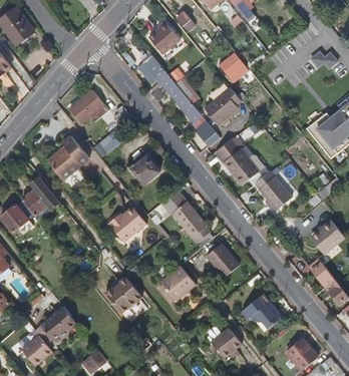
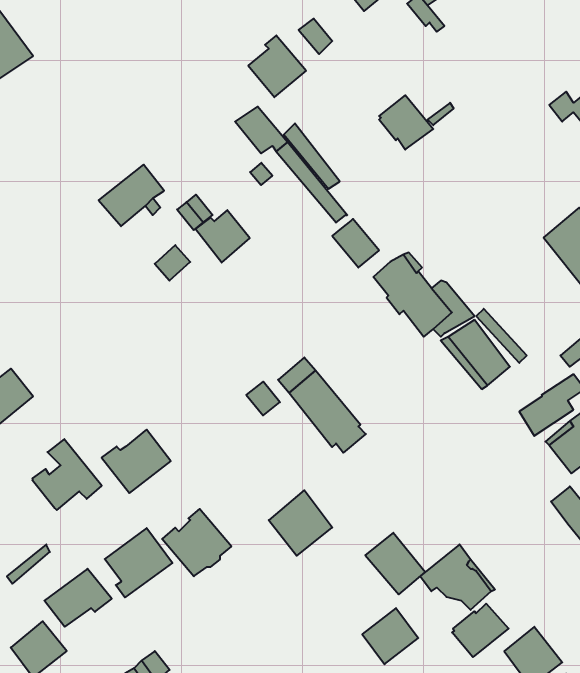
building: [205,87,241,124] -> none
building: [46,137,88,180] -> none
building: [130,156,159,184] -> [196,210,250,263]
building: [22,177,59,216] -> [32,439,102,510]
building: [107,206,144,240] -> [102,430,171,493]
building: [207,244,239,277] -> [365,533,425,594]
building: none -> [105,528,172,597]
building: none -> [452,604,509,657]

